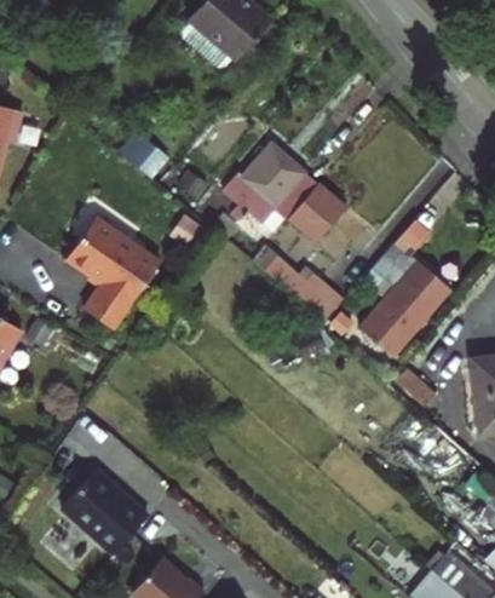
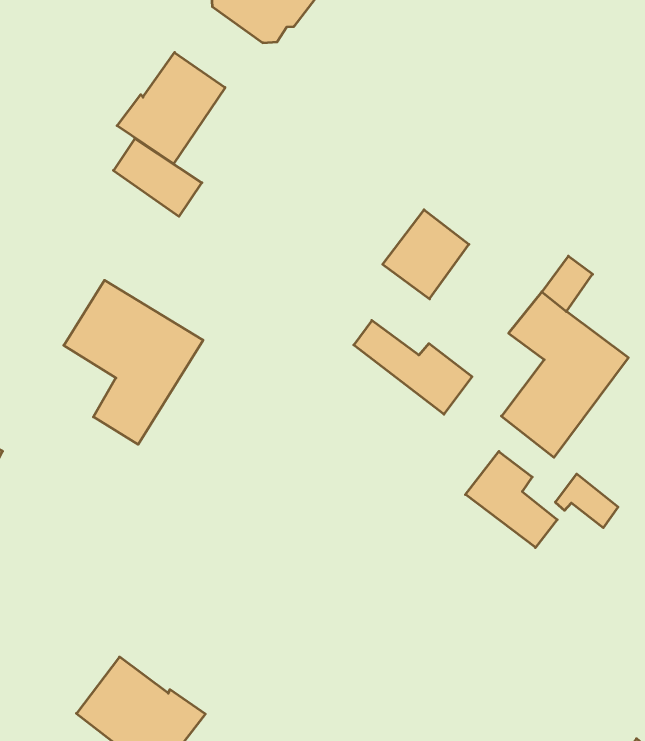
building: none -> [117,52,225,164]
building: [223,143,317,235] -> none
building: none -> [465,451,557,548]

